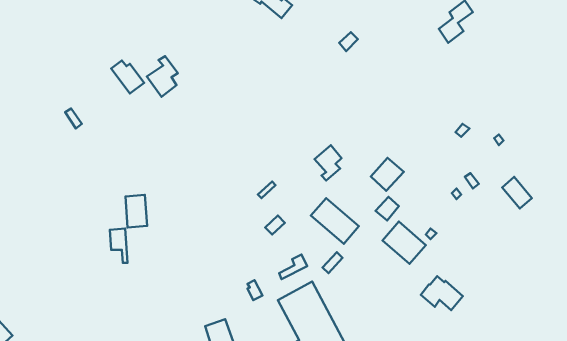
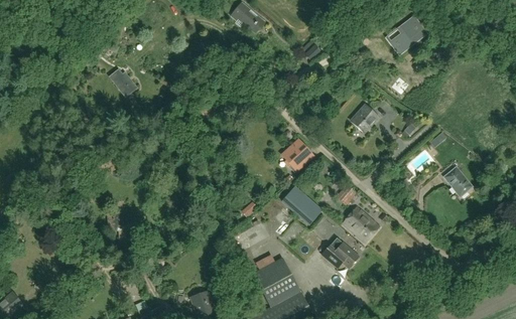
building: [147,56,178,97] -> none
building: [371,158,404,191] -> [350,104,378,132]
building: [125,195,147,227] -> none
building: [421,276,463,310] -> [321,237,358,267]

